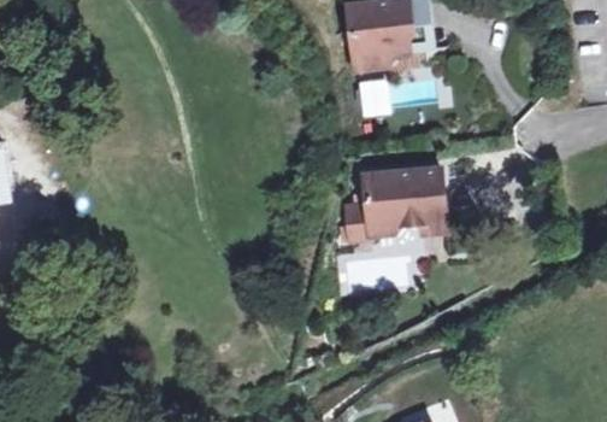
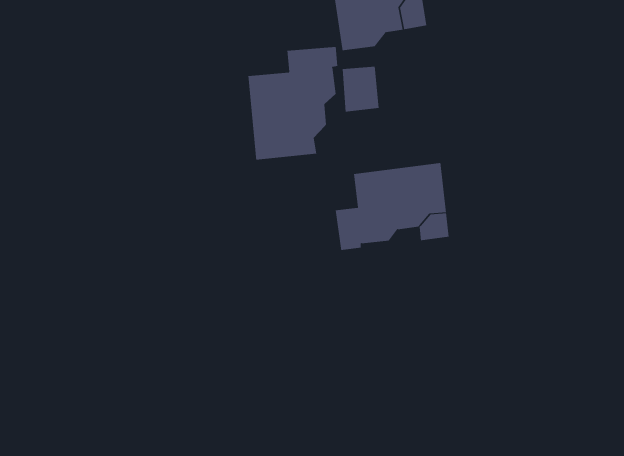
building: none -> [248,46,338,160]

